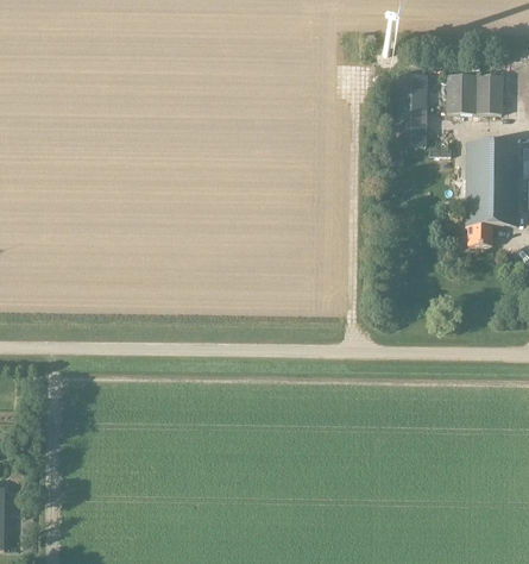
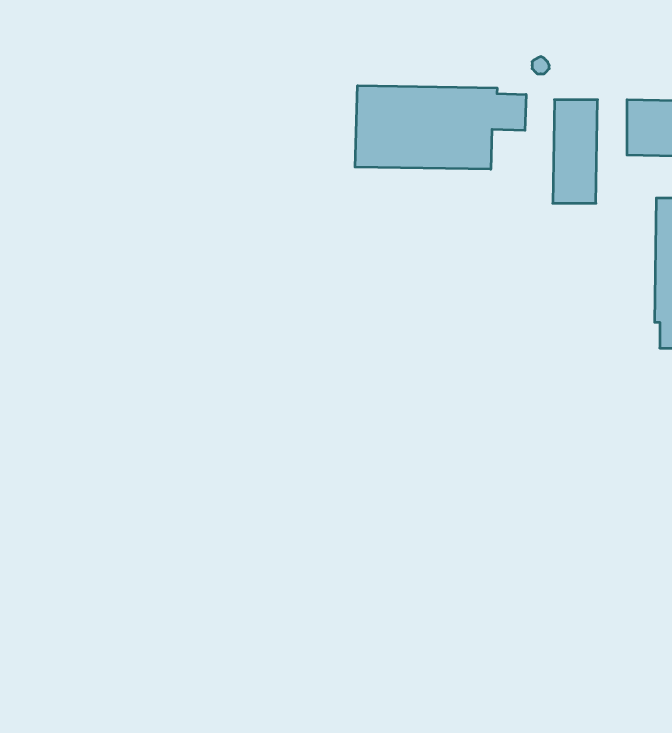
building: none -> [355,86,526,169]

